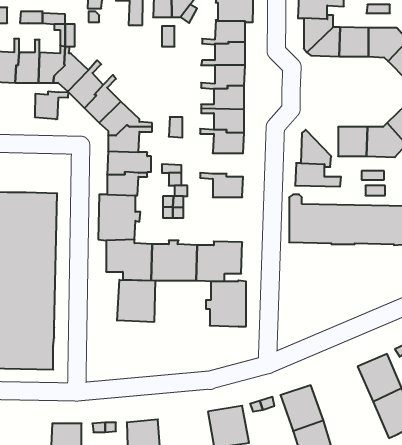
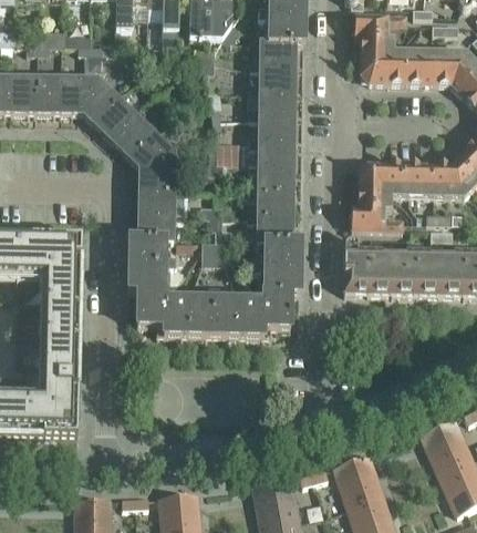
building: [35,91,68,119] -> none
building: none -> [363,160,400,194]
building: none -> [243,189,292,217]
building: [117,280,155,322] -> none
building: [206,280,246,326] -> [255,239,300,291]

